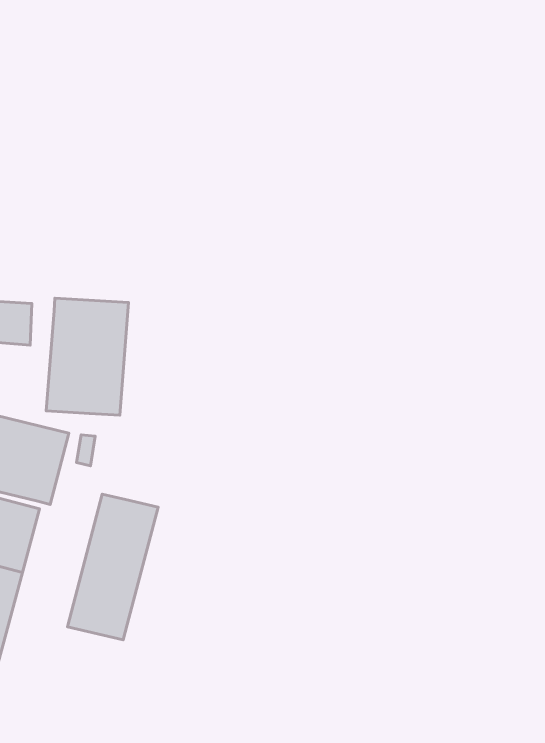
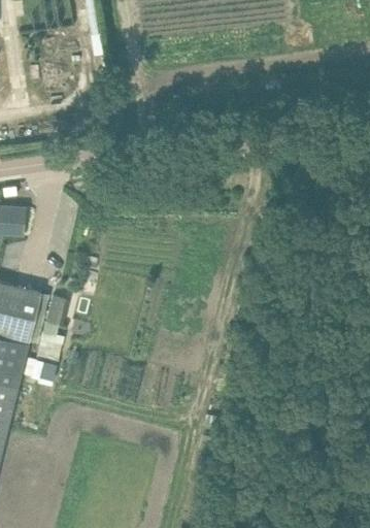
building: [46,298,128,415] -> none
building: [68,494,158,640] -> none

